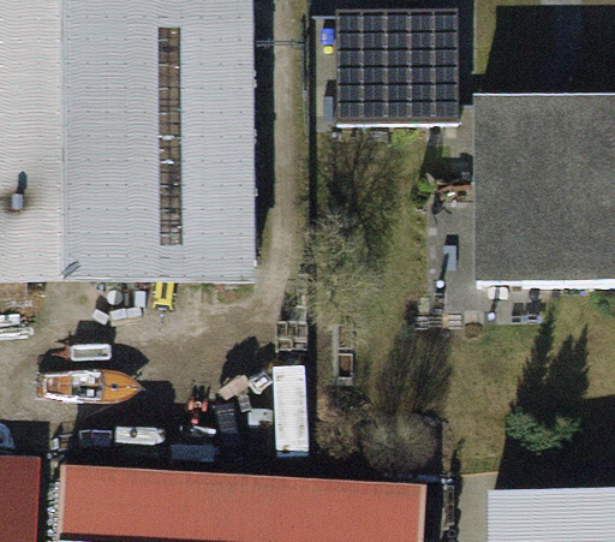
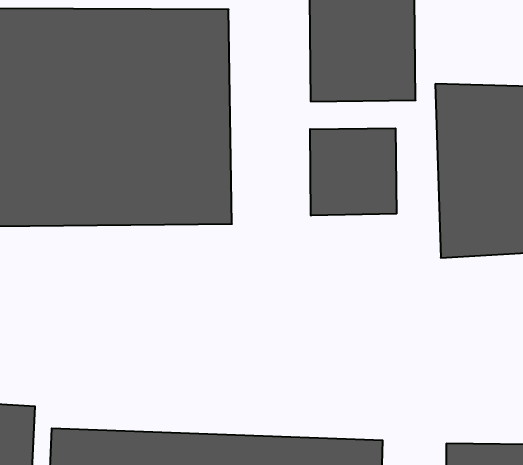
building: none -> [310,128,396,216]

